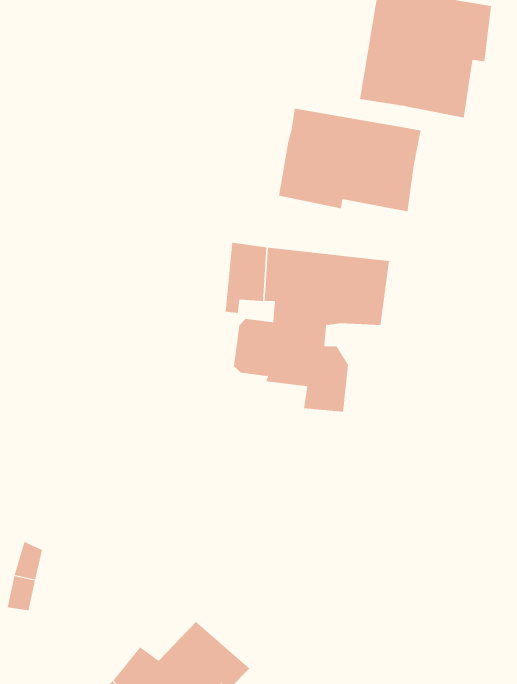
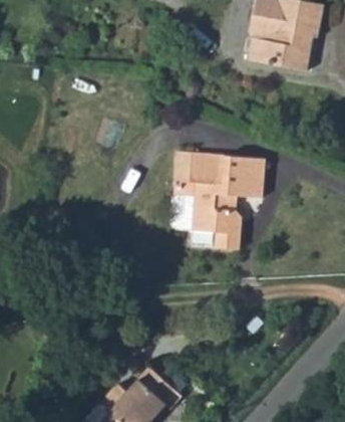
building: [278,108,421,212] -> none

